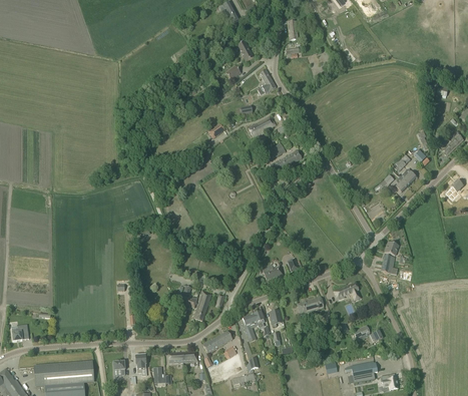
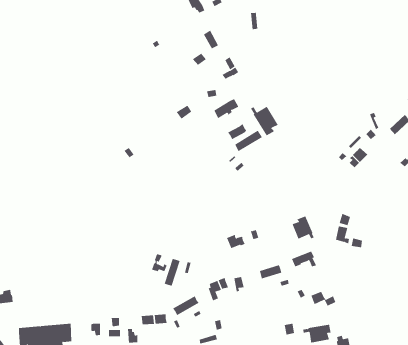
building: none -> [250,106,278,136]
building: none -> [292,215,314,240]

